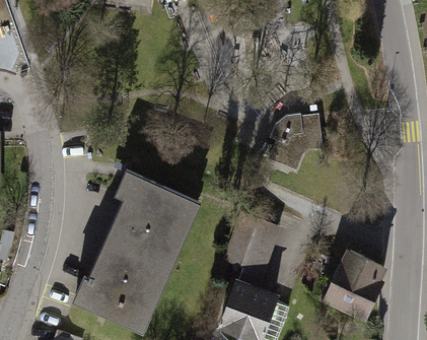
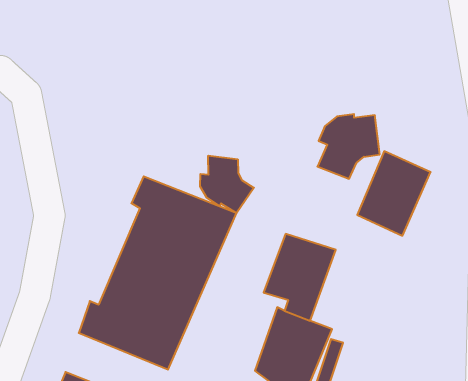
building: none -> [200,156,254,213]
building: [323,252,383,322] -> [357,151,431,236]

